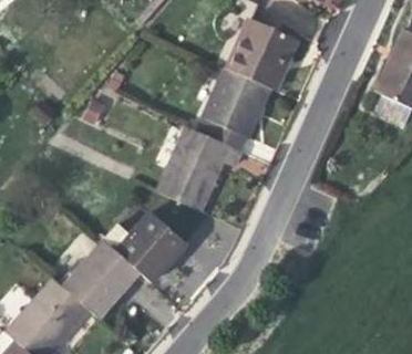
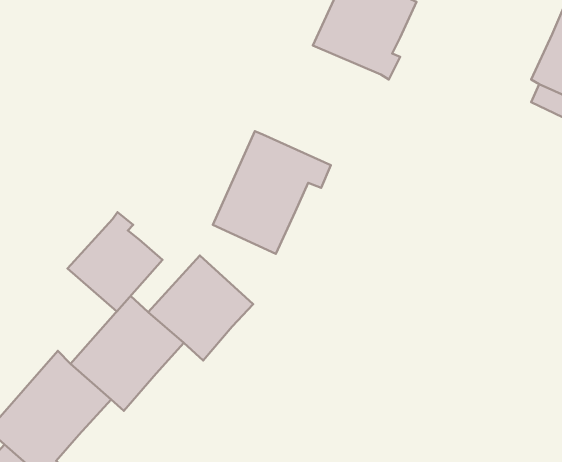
building: [192,66,272,149] -> none
building: none -> [68,212,163,311]

